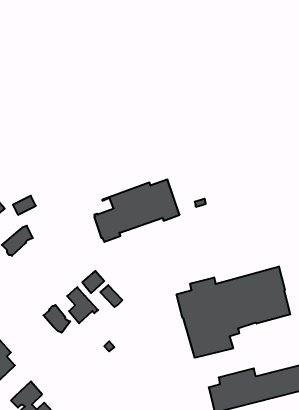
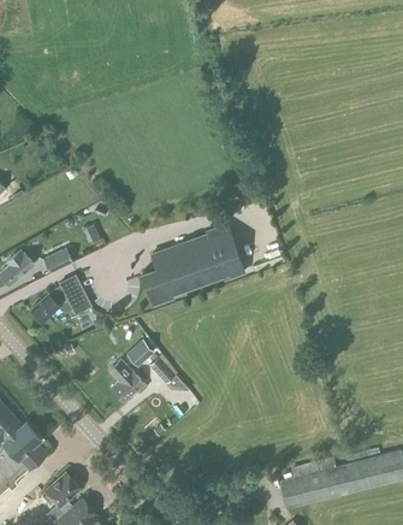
building: none -> [59,275,90,313]
building: [177,266,290,358] -> none
building: [43,305,70,333] -> none

